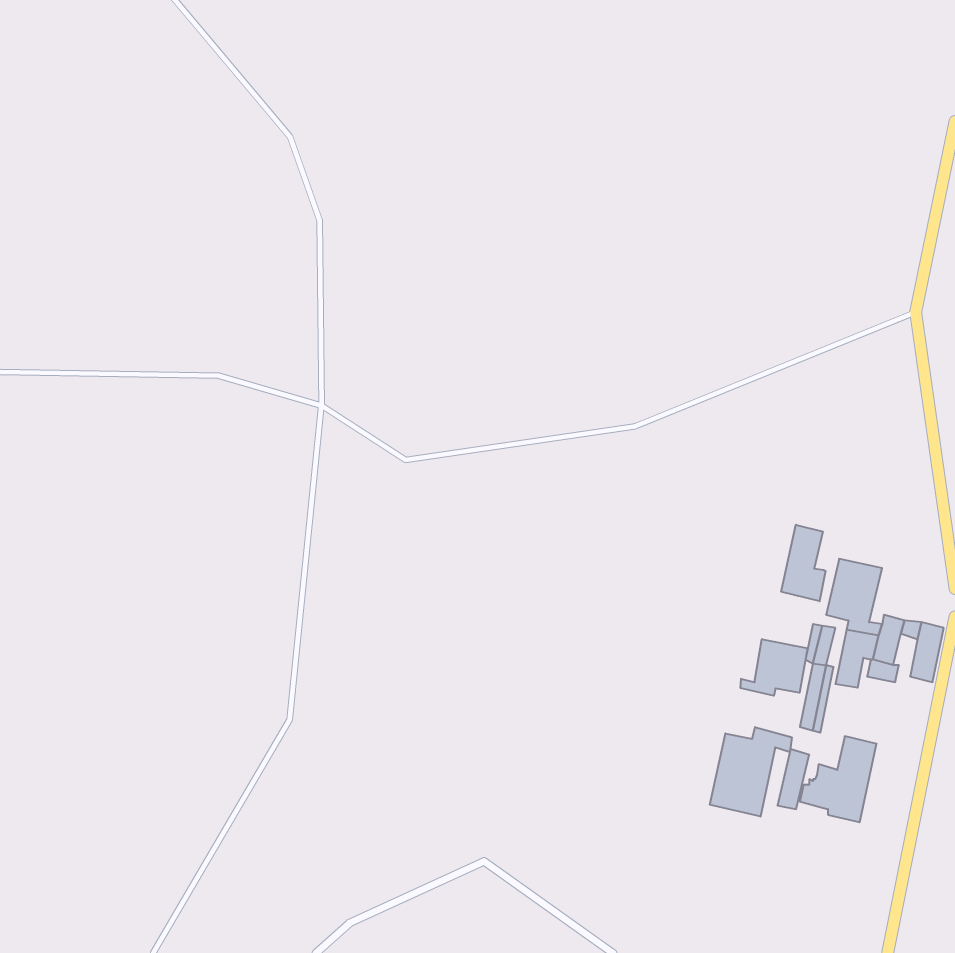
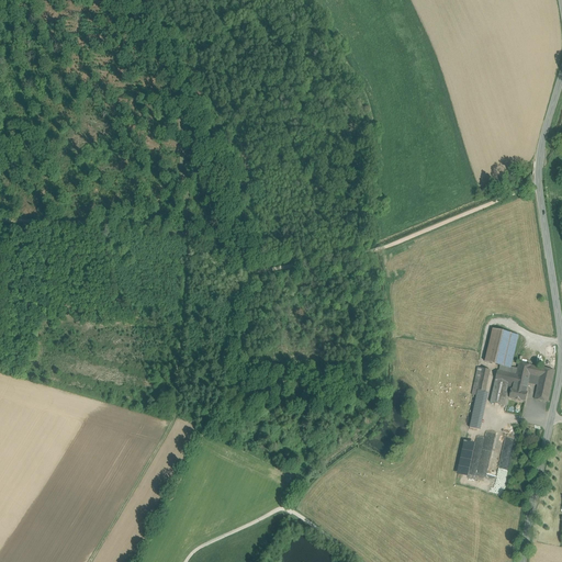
building: [781,525,826,601] -> none
building: [741,639,808,696] -> none
building: [710,727,792,817] -> none

